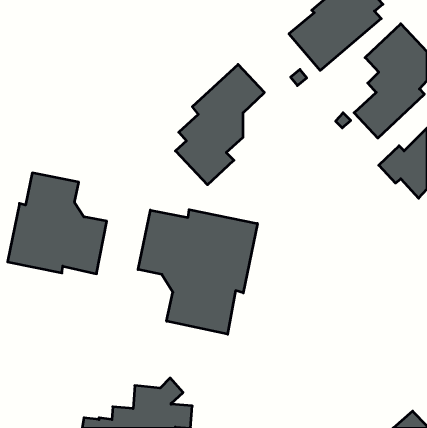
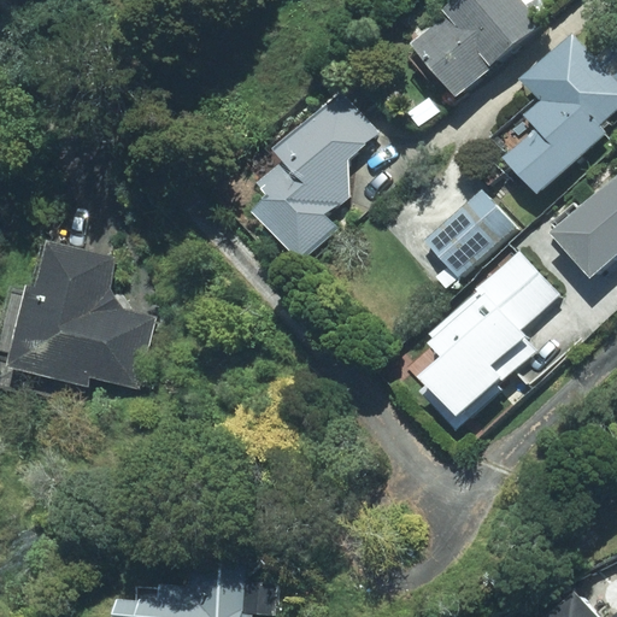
building: none -> [422,187,513,277]
building: none -> [402,249,562,423]
building: [138,210,257,334] -> none

